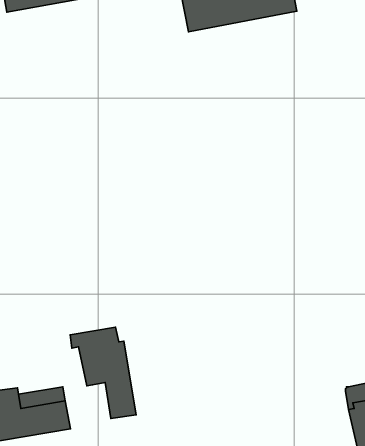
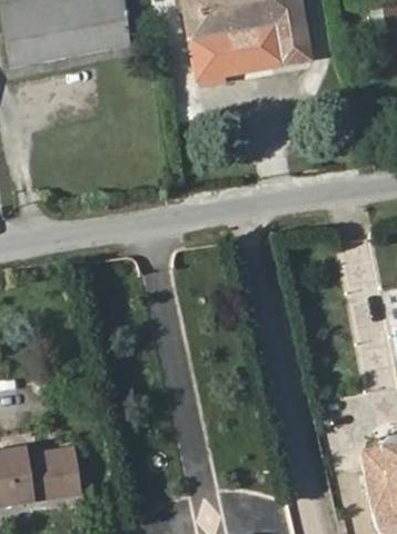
building: [70,327,136,418] -> none

